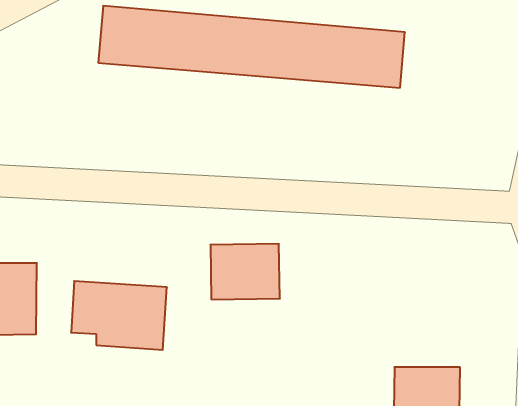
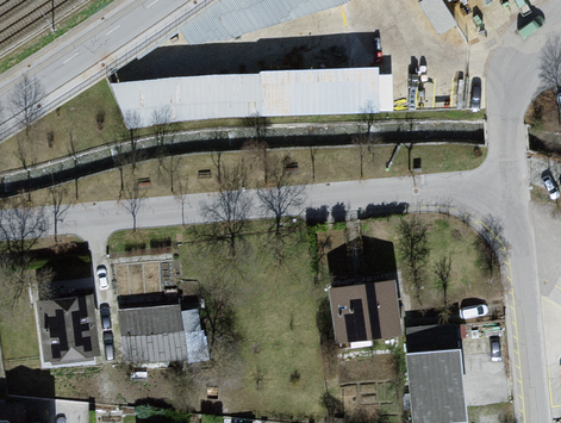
building: [210,244,280,299] -> [330,284,394,337]

